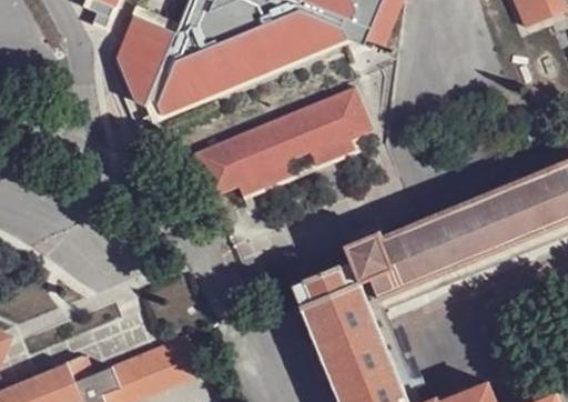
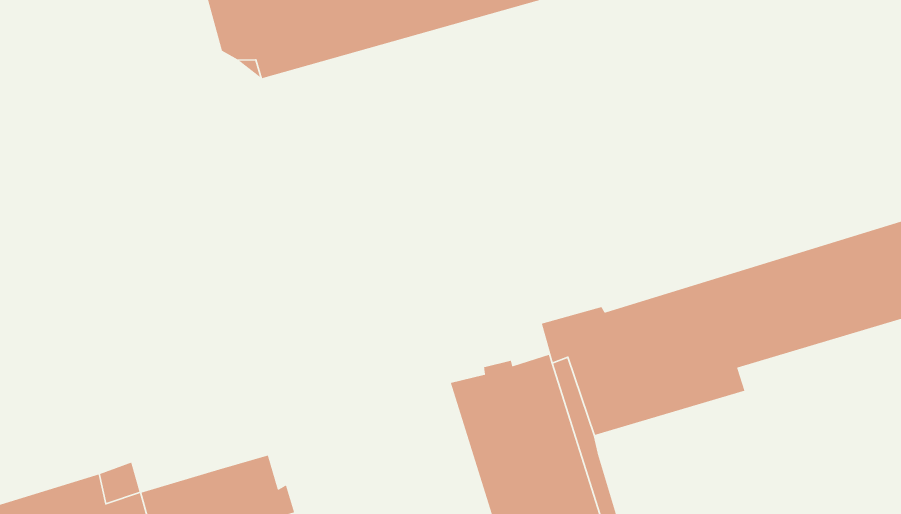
building: [197,88,368,197] -> none

